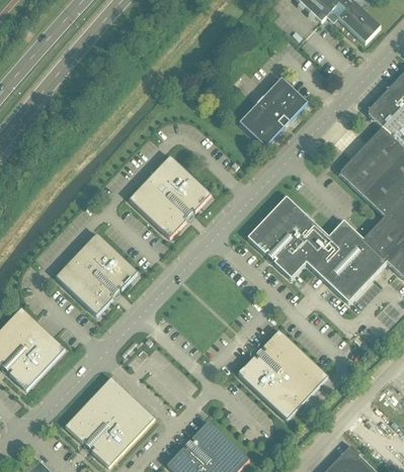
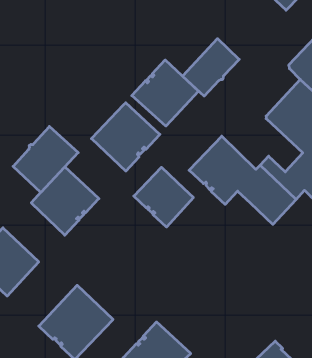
building: none -> [132,60,199,126]
building: none -> [13,126,78,192]
building: none -> [134,167,193,227]
building: [238,328,328,418] -> none

